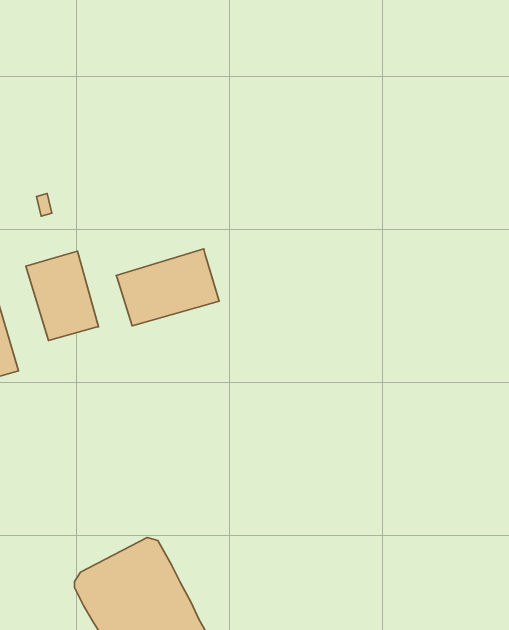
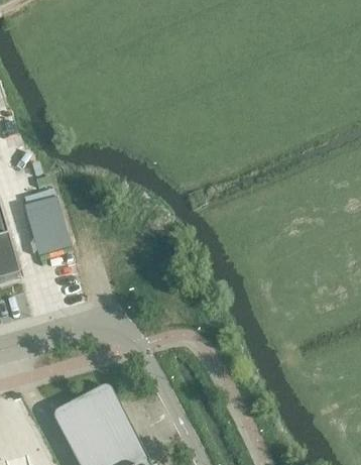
building: [116,249,219,326] -> none

